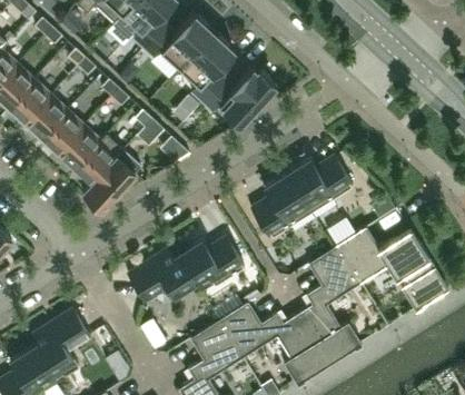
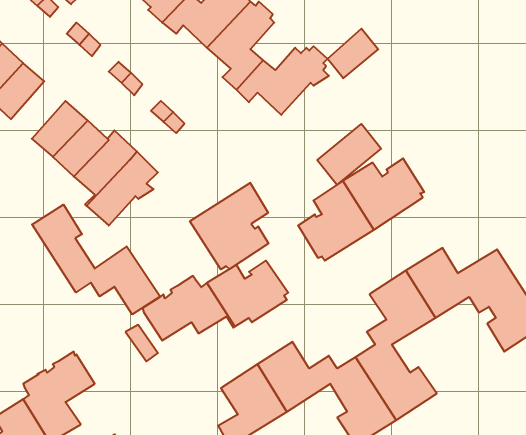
building: none -> [327,29,378,78]
building: [23,96,67,141] -> none
building: none -> [317,124,381,185]
building: none -> [190,183,268,269]
building: none -> [32,205,160,314]

